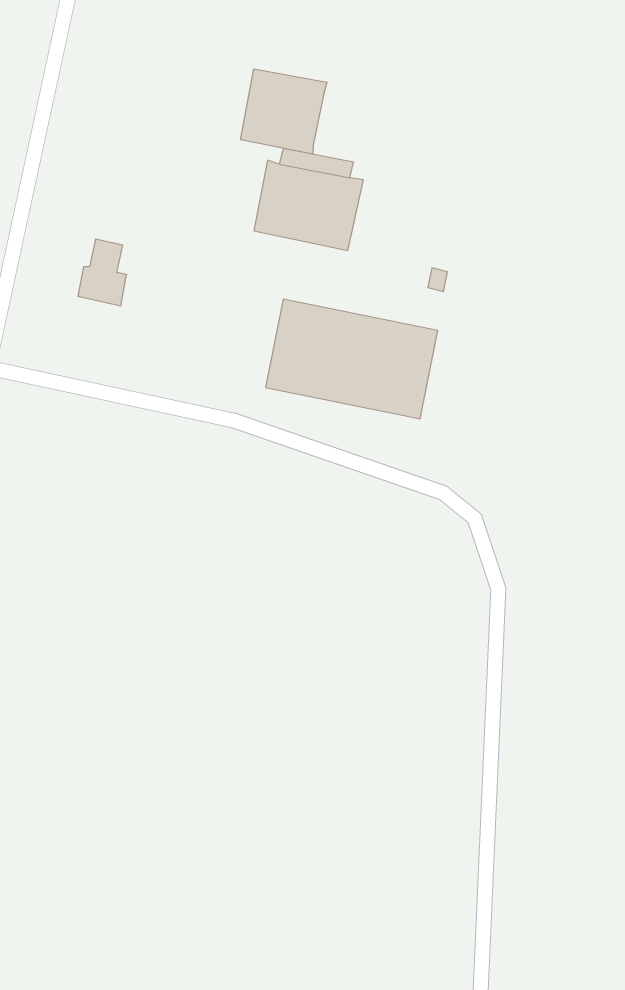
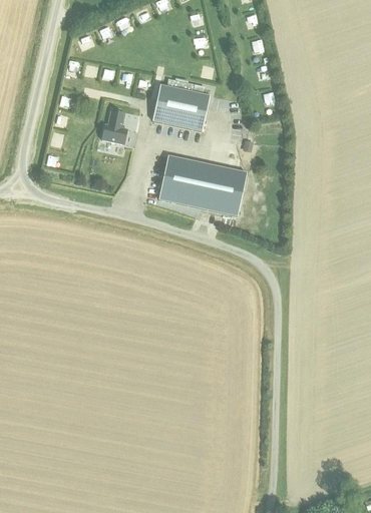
building: [240,69,327,154] -> none
building: [78,239,127,306] -> [101,110,126,144]

